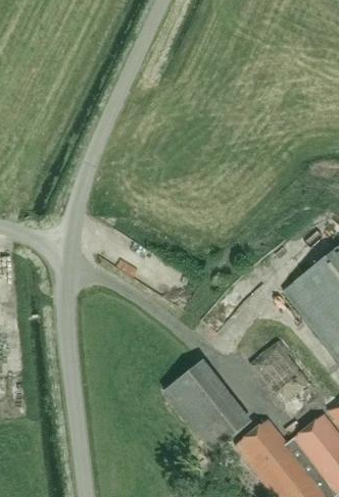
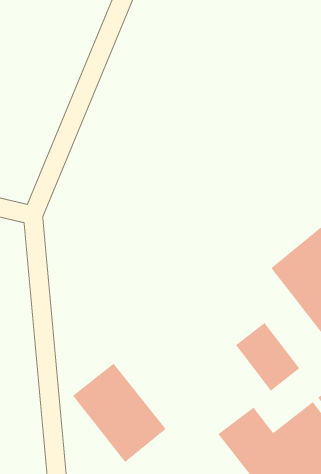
building: [163,360,251,453] -> [72,363,167,463]

